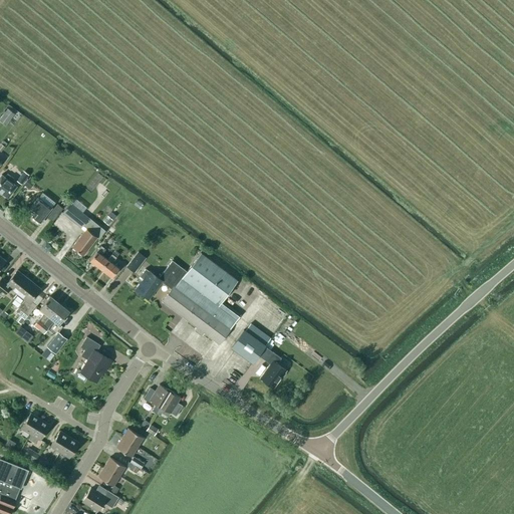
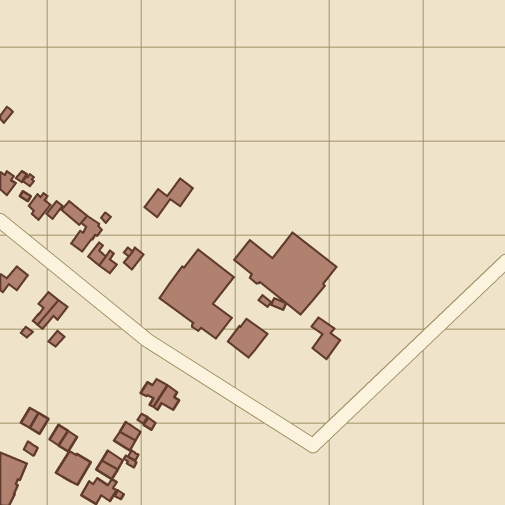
building: none -> [234,232,337,315]
building: [137,261,186,300] -> [144,178,193,217]
building: [18,280,41,316] -> none
building: [75,337,112,383] -> none
building: [259,347,288,390] -> [312,317,340,359]
building: none -> [56,451,91,485]

